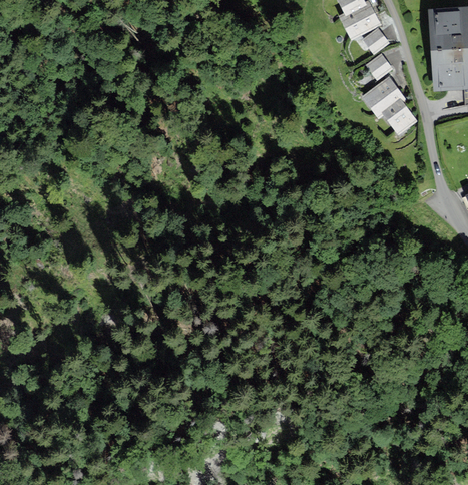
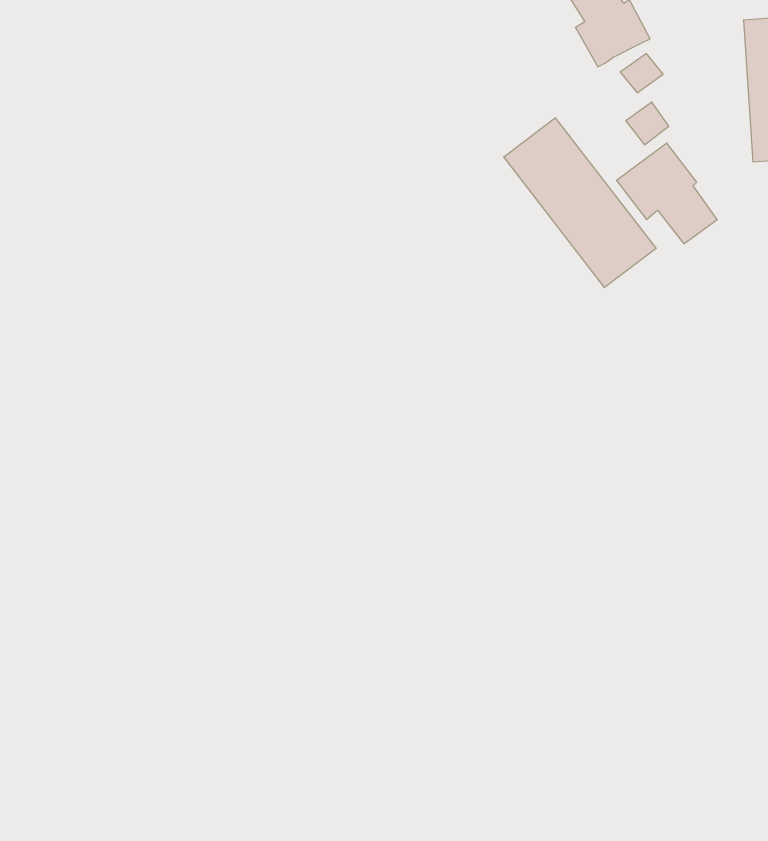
building: none -> [504,118,656,288]

